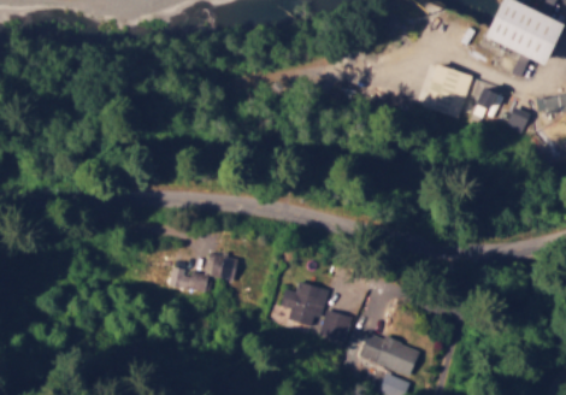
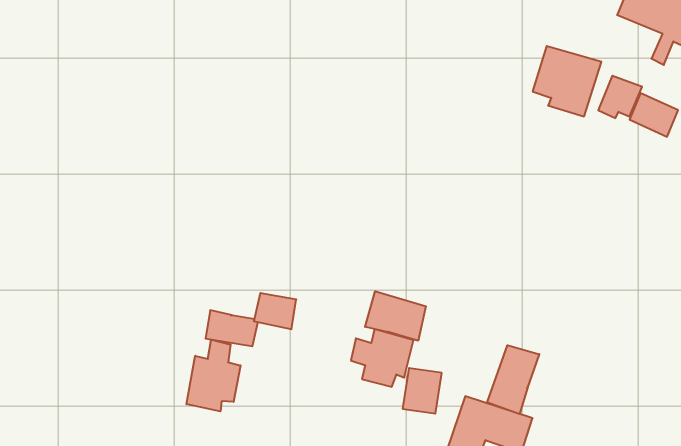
building: none -> [365,291,426,341]
building: none -> [186,339,241,411]
building: none -> [487,345,539,414]

